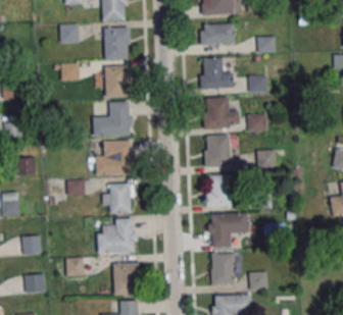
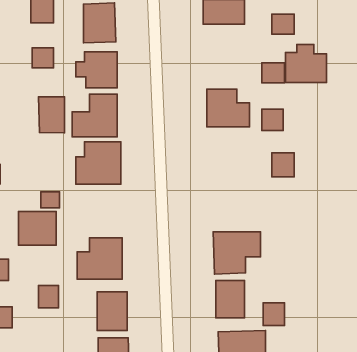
building: [201,58,234,89] -> none
building: none -> [285,44,326,83]
building: none -> [39,97,65,133]
building: [205,136,230,167] -> none
building: [207,175,233,208] -> none
building: [103,185,134,212] -> [19,211,56,245]

